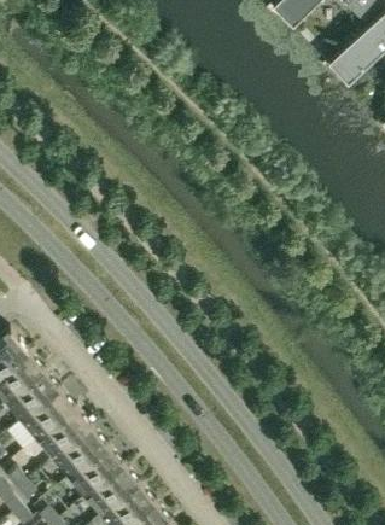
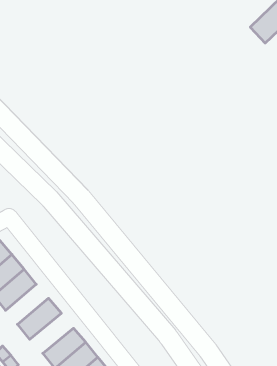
building: [21,387,76,439] -> none
building: [52,425,109,477] -> none

